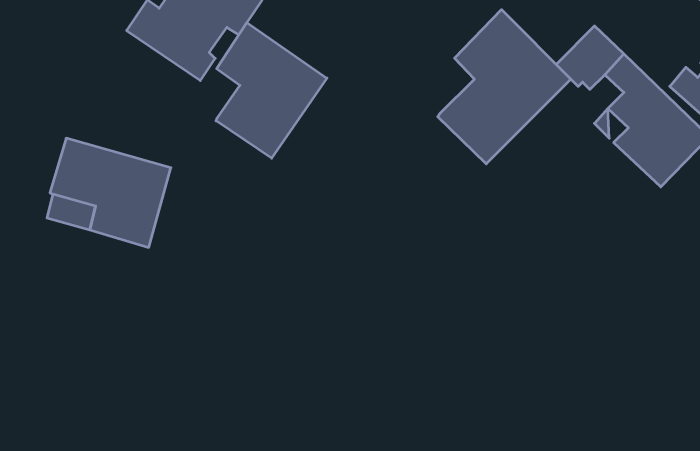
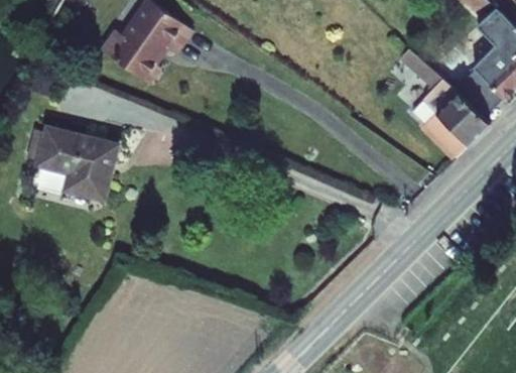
building: [438,10,571,164] -> none
building: [216,23,327,158] -> none

